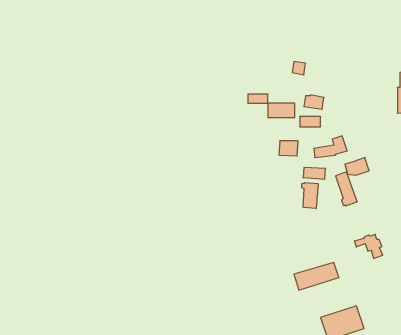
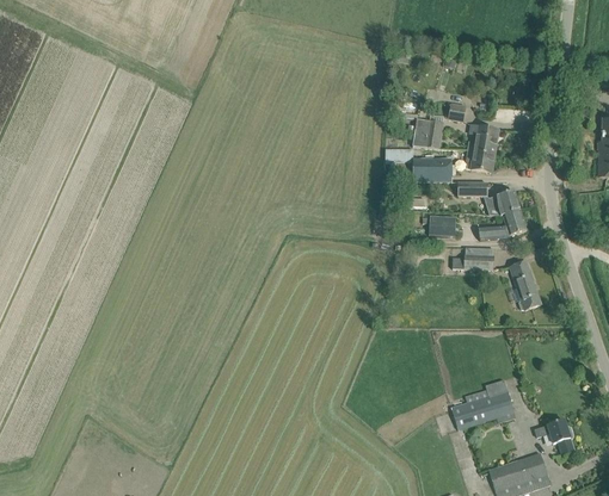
building: none -> [412,117,444,148]
building: none -> [467,124,498,154]
building: [345,158,369,175] -> [485,190,519,215]
building: [302,183,318,209] -> none
building: [354,234,383,259] -> [534,418,574,453]

